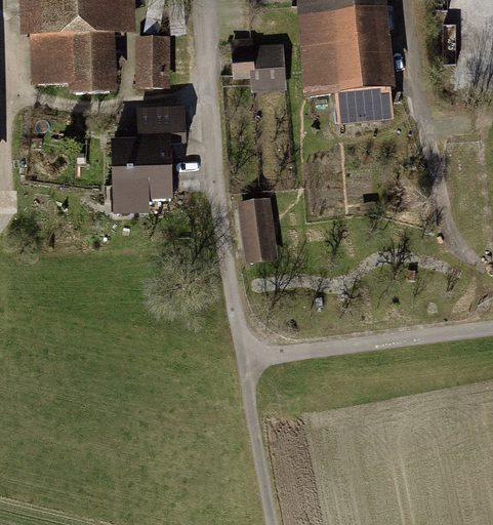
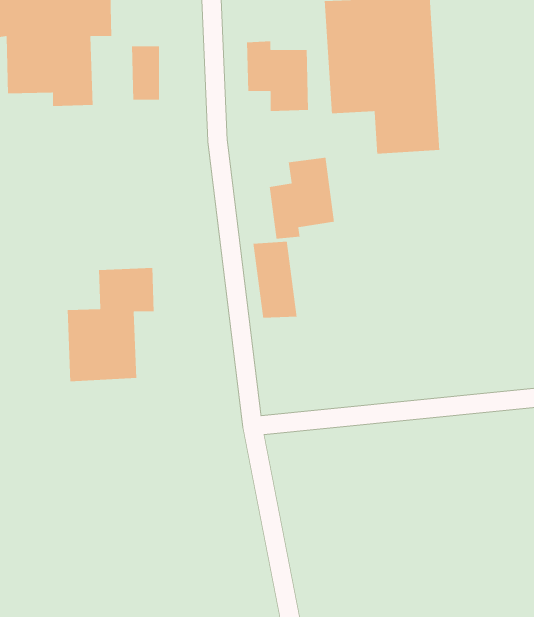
building: [113,106,184,200] -> [67,267,155,382]
building: none -> [269,157,335,240]

